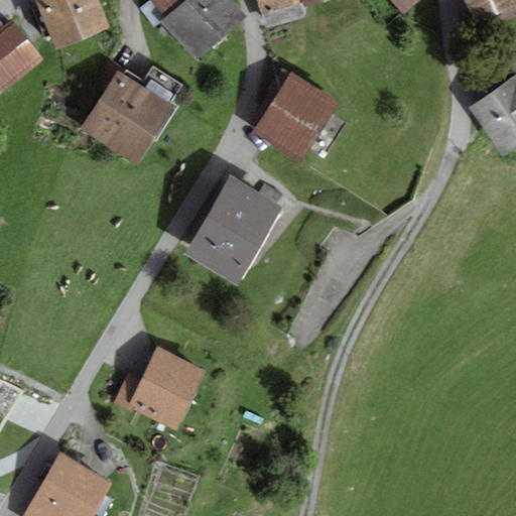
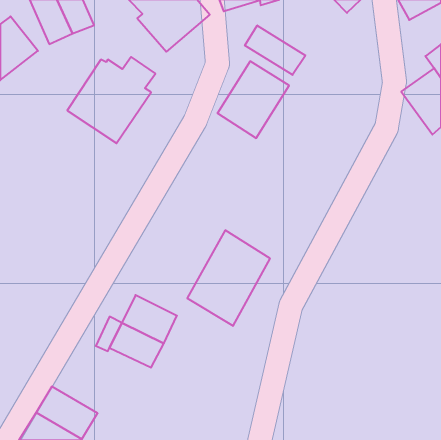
building: none -> [245,25,305,75]
building: [184,173,281,285] -> [187,230,270,326]

